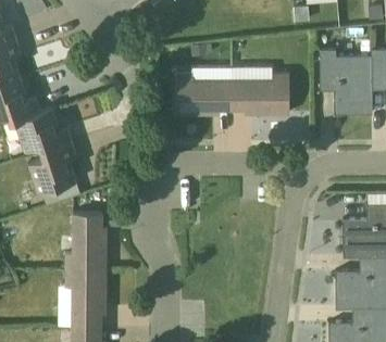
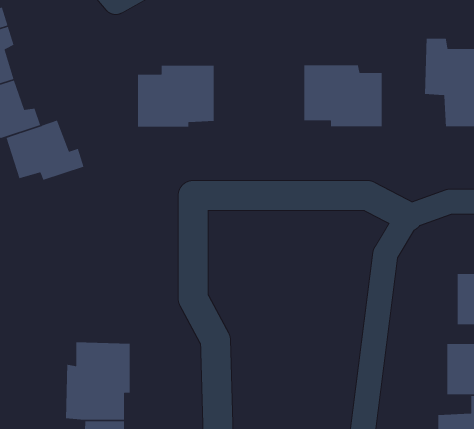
building: [175,68,232,114] -> [137,65,215,127]
building: [28,143,80,206] -> none
building: [65,214,107,271] -> none

